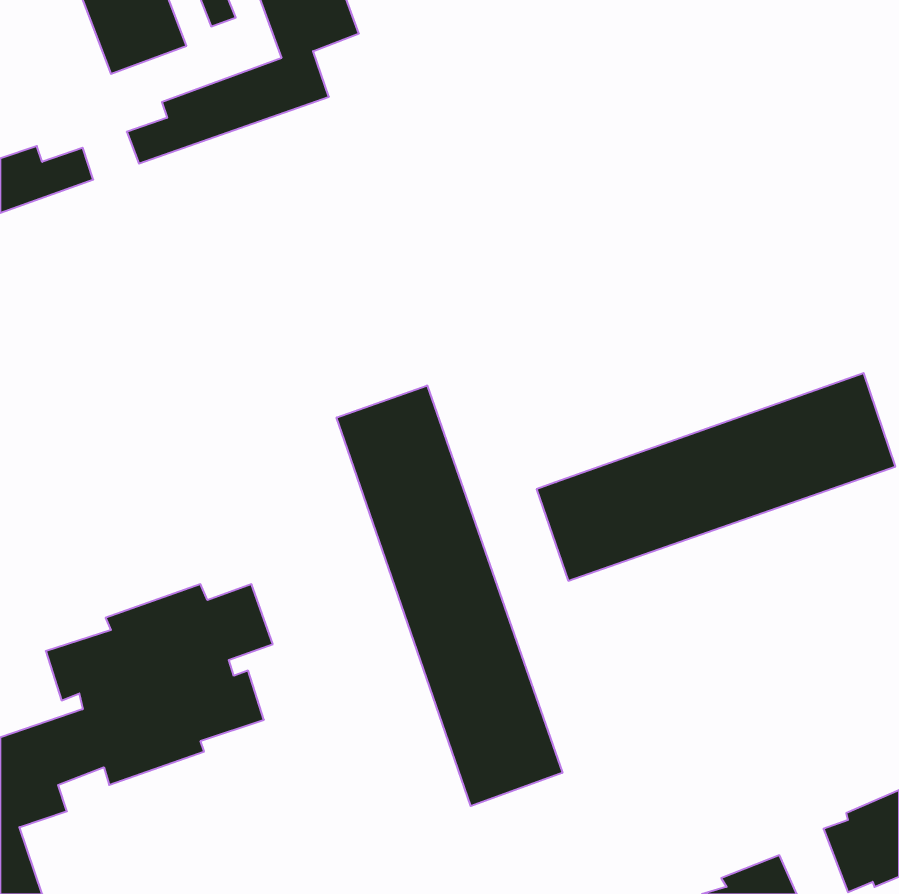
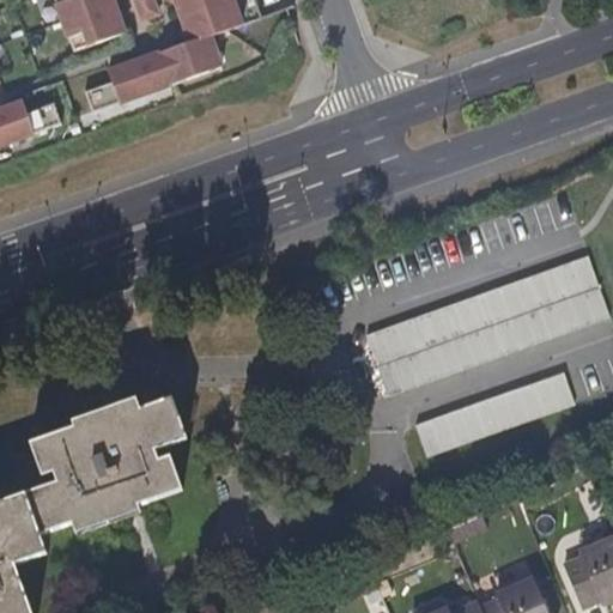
building: [337,385,562,806] -> none
building: none -> [414,371,573,456]

